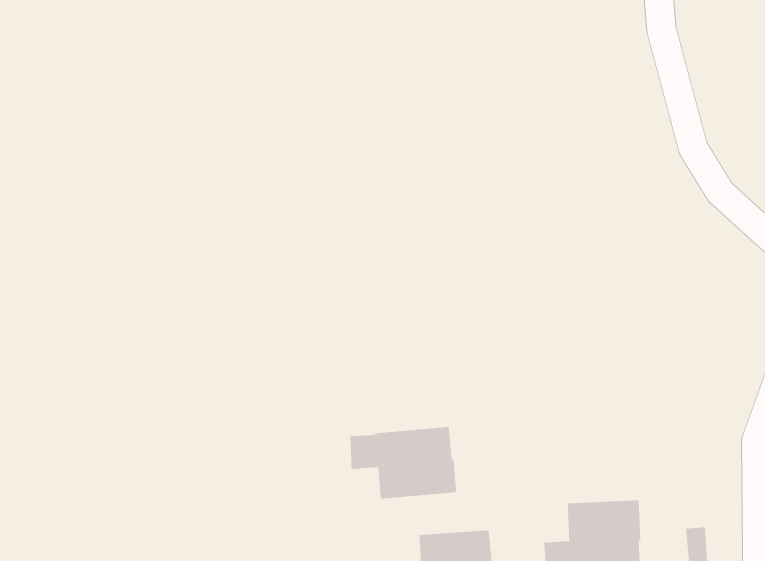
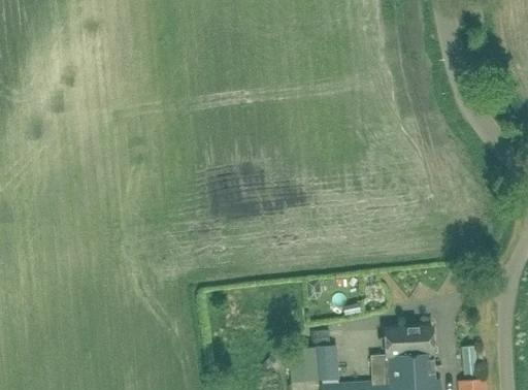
building: [350,426,457,499] -> none

